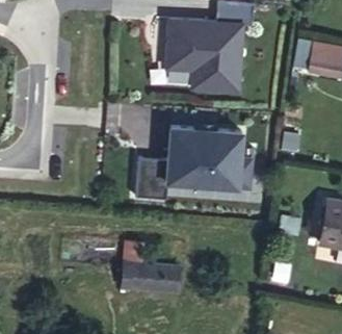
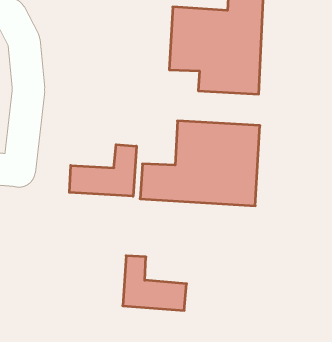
building: none -> [69,145,136,196]

